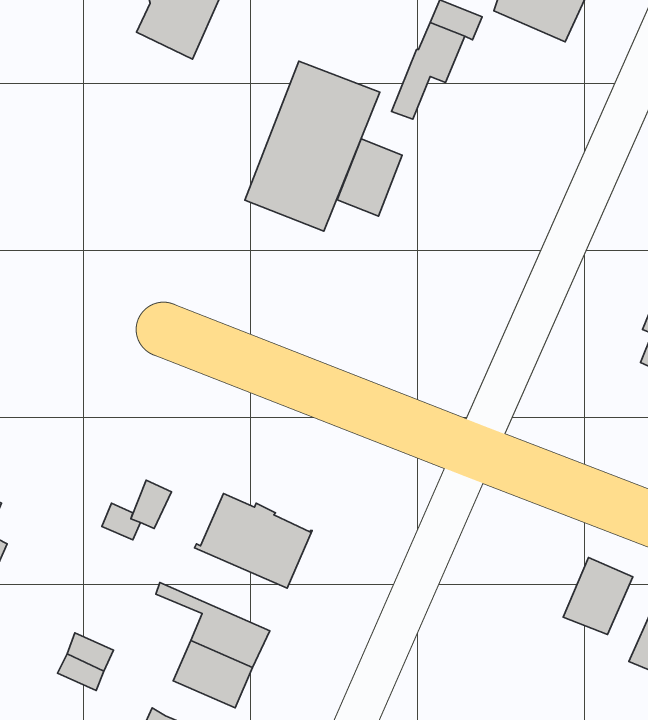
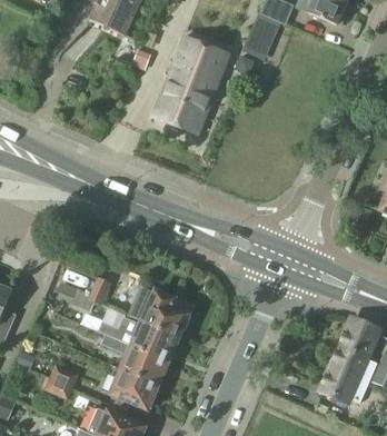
building: [337,139,402,216] -> none
building: none -> [98,316,177,364]
building: none -> [321,356,361,400]

